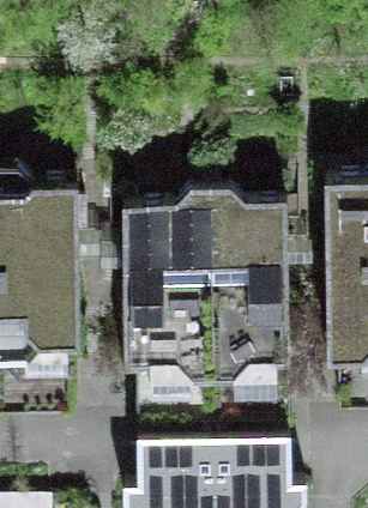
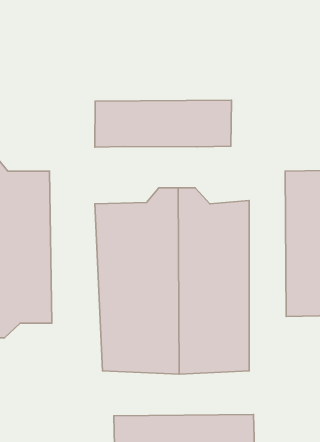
building: none -> [95,100,231,147]

